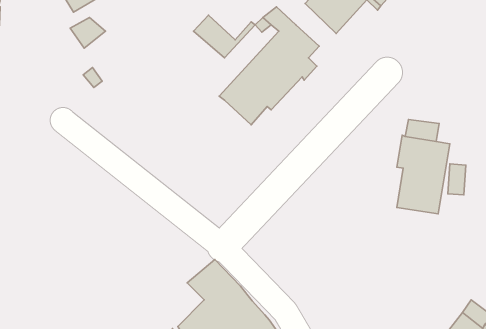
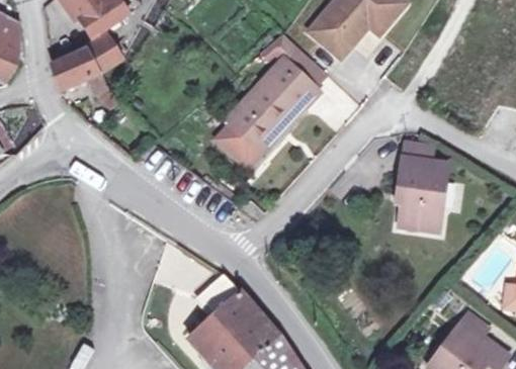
building: [194,15,255,58] -> [219,123,277,164]
building: none -> [51,55,99,93]

